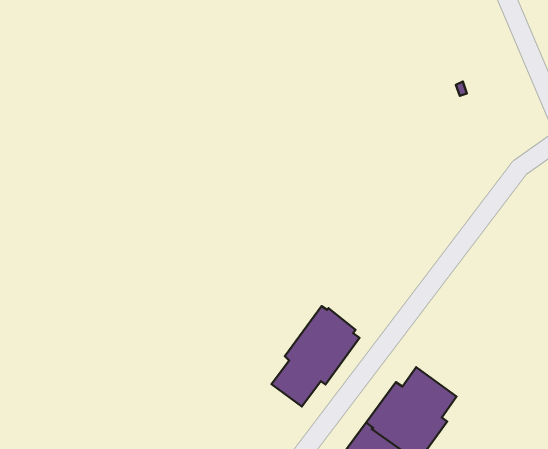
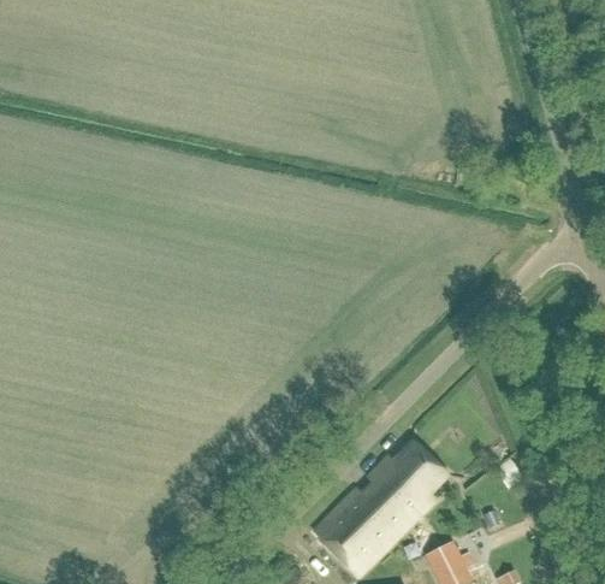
building: [271,306,360,407] -> none

